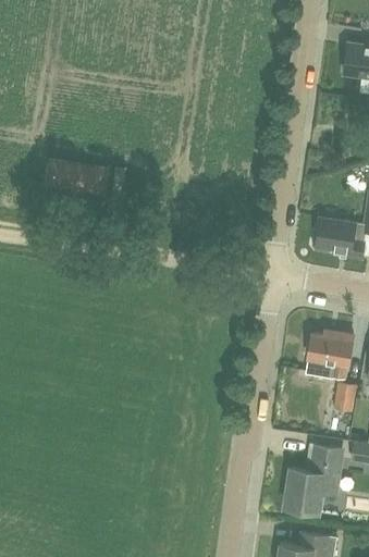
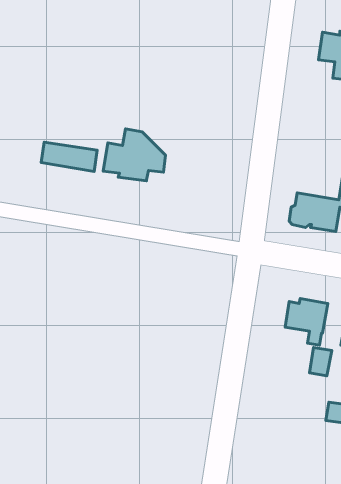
building: none -> [103,129,166,181]
building: [284,446,341,512] -> none

